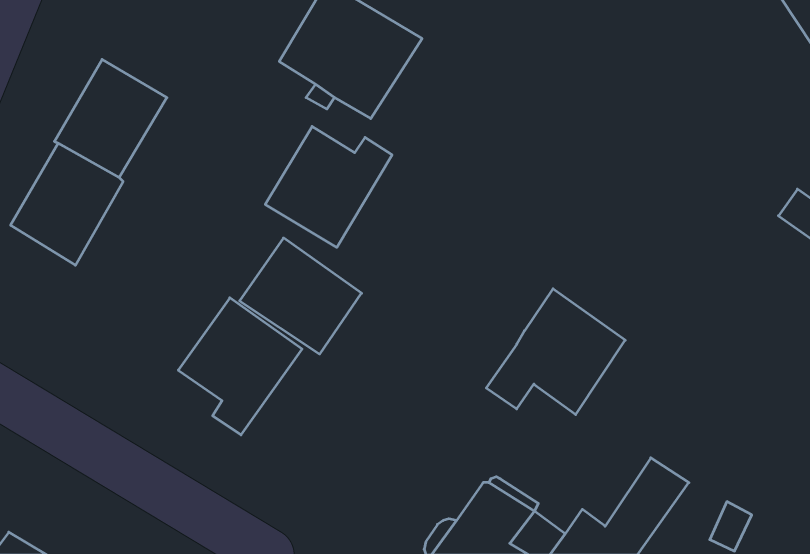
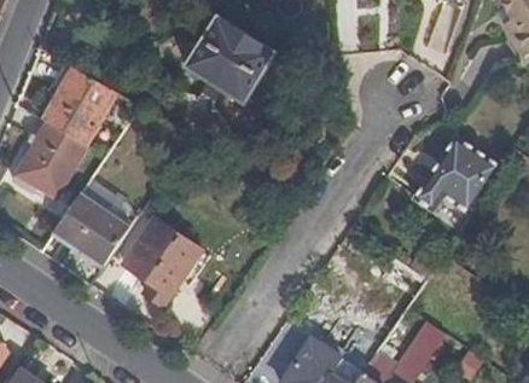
building: [265,126,392,247] -> none
building: [240,238,362,354] -> [53,191,130,265]
building: [486,289,625,415] -> [413,135,501,215]

